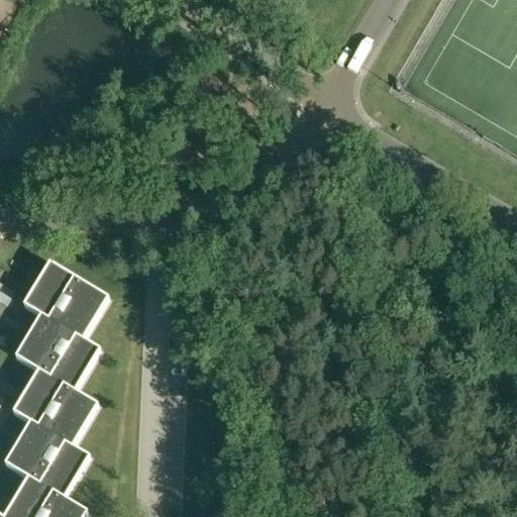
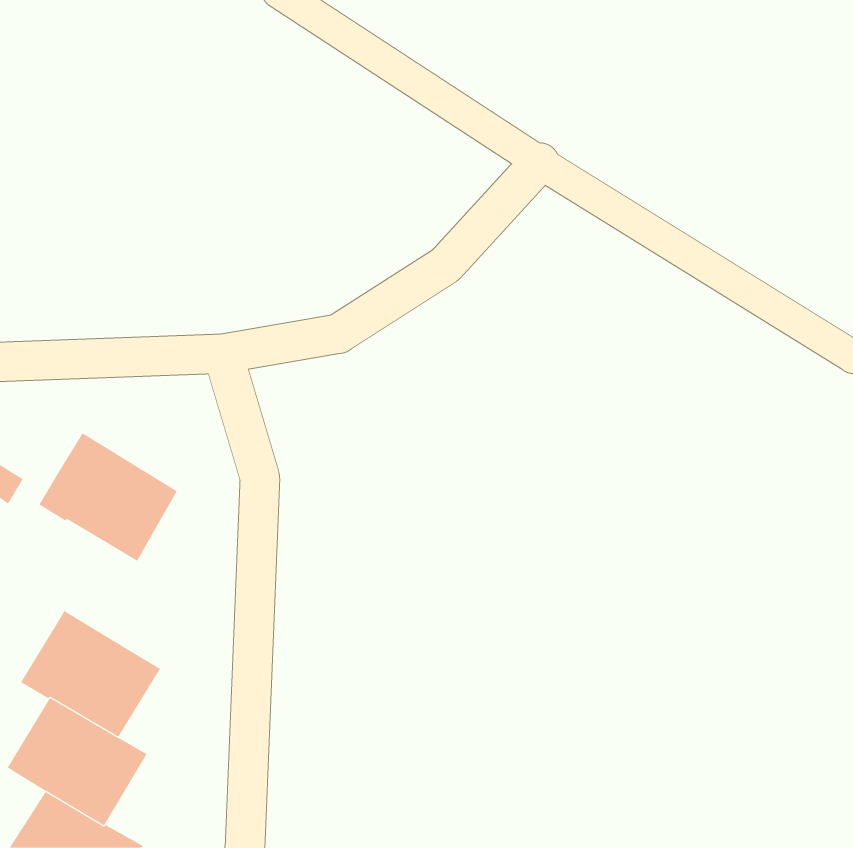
building: [15,313,99,390] -> none

